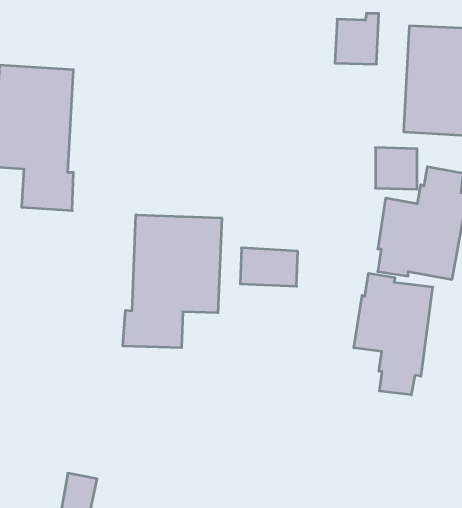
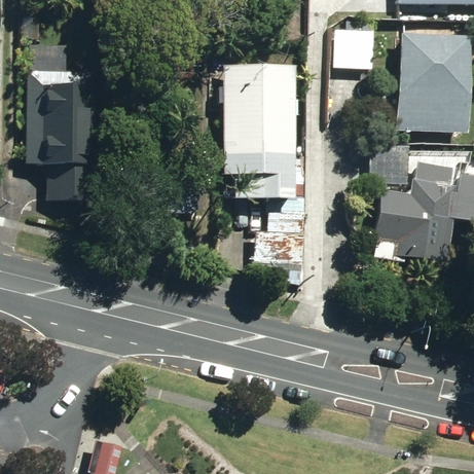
building: none -> [223,64,295,198]
building: [123,215,222,348] -> none
building: [354,273,433,395] -> none

